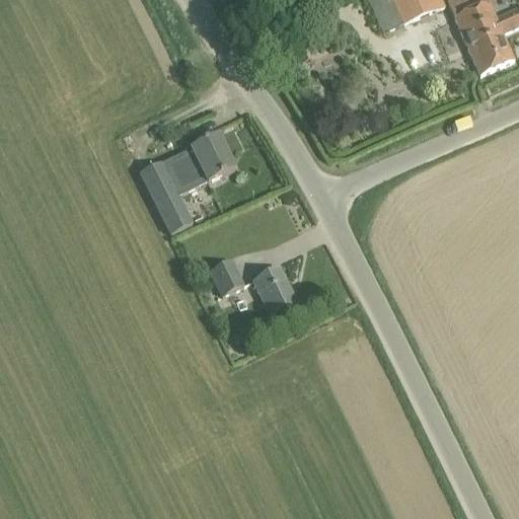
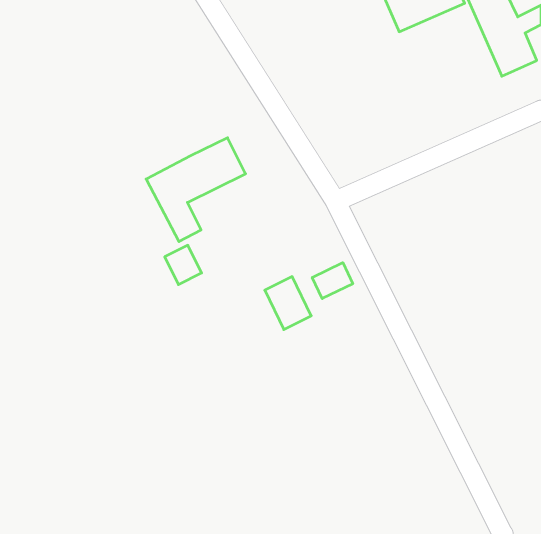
building: none -> [312,263,353,299]
building: [209,257,244,295] -> [165,245,202,285]

